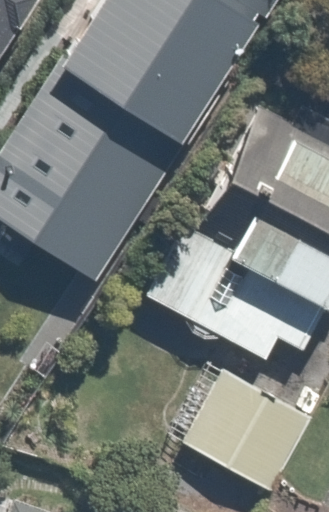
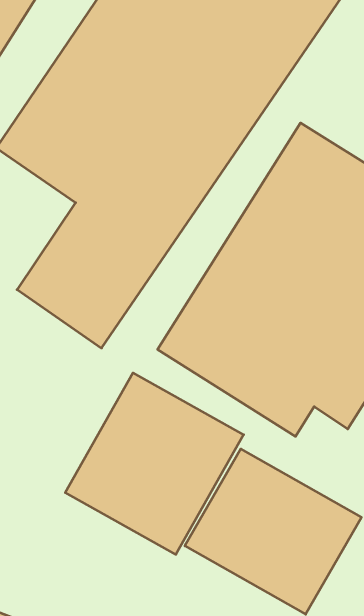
building: none -> [65,373,244,554]

